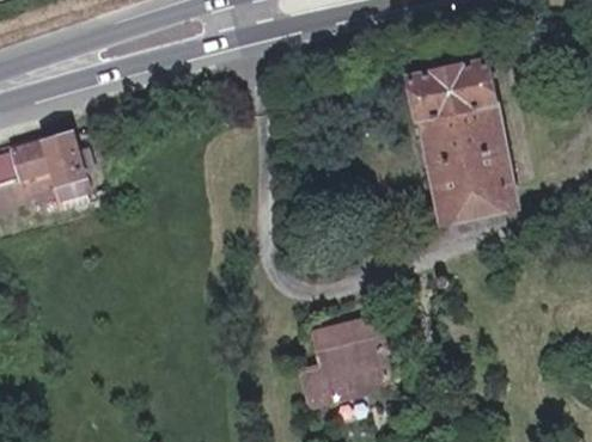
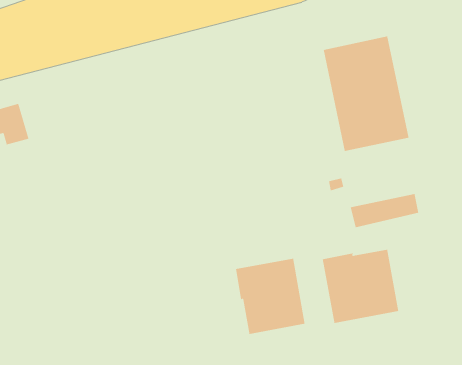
building: [435,182,513,221] -> [350,193,419,228]
building: none -> [322,249,399,324]

